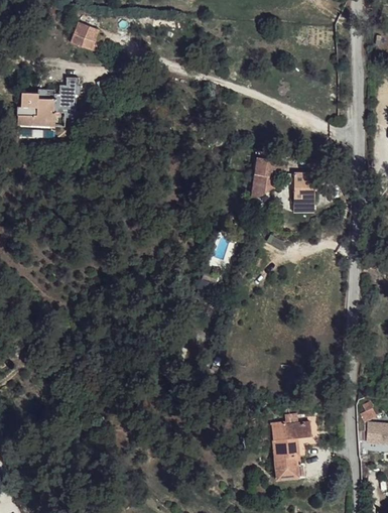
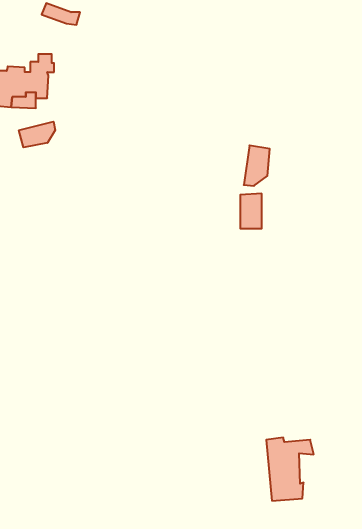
building: none -> [19,122,55,147]
building: [295,172,314,204] -> [240,194,262,229]

